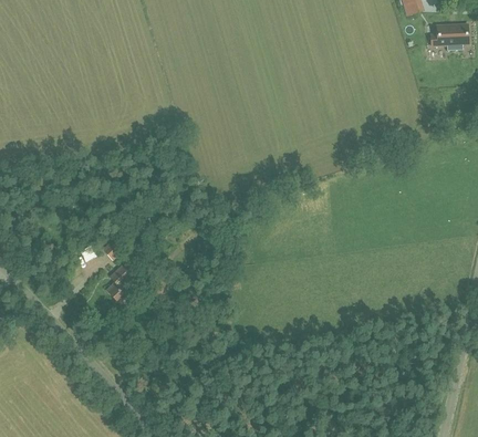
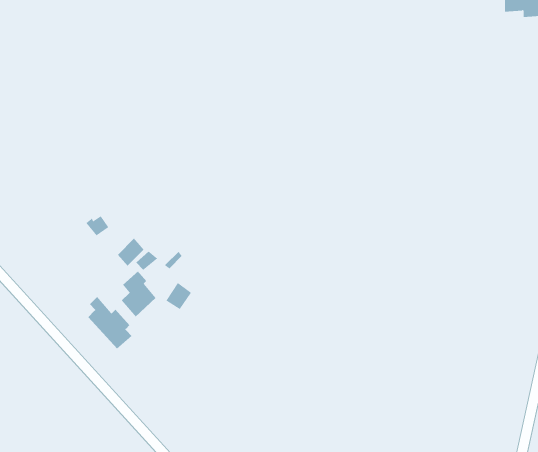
building: none -> [87,296,133,350]

